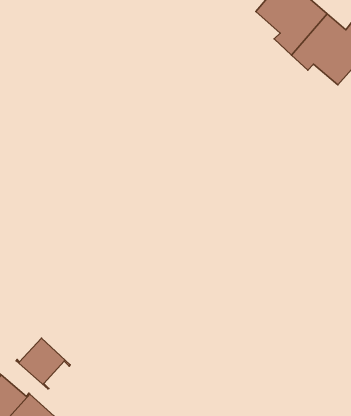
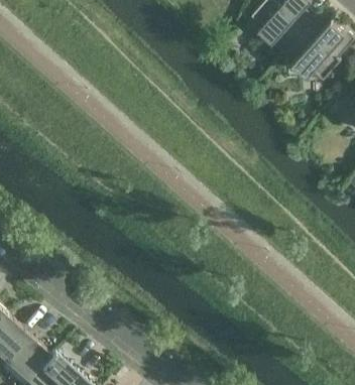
building: [16,338,70,389] -> none

